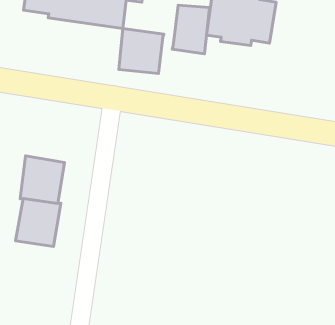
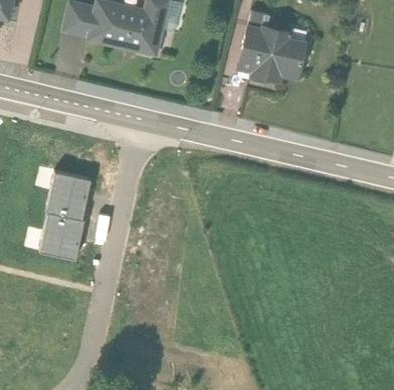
building: [172,5,209,54] -> none
building: [119,28,164,74] -> none

